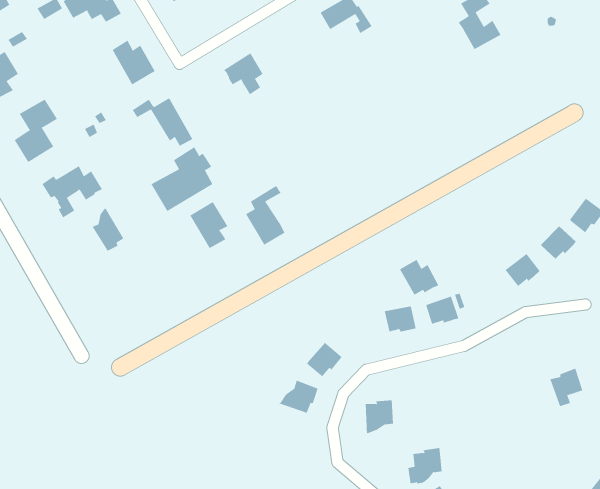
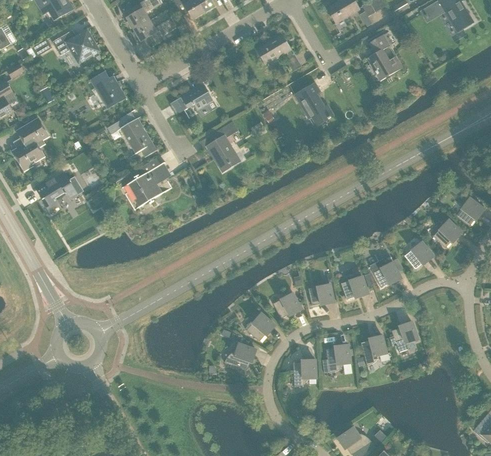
building: none -> [295,85,333,126]
building: [245,185,285,246] -> [208,122,240,170]
building: [190,201,228,249] -> none
building: [92,207,124,252] -> none
building: [399,259,439,296] -> [369,257,401,286]
building: none -> [273,292,301,317]
building: [549,368,583,407] -> [391,320,418,351]
building: none -> [361,334,387,365]
building: [407,448,443,484] -> [322,343,350,372]

